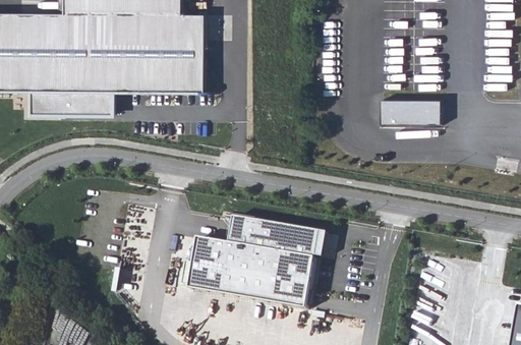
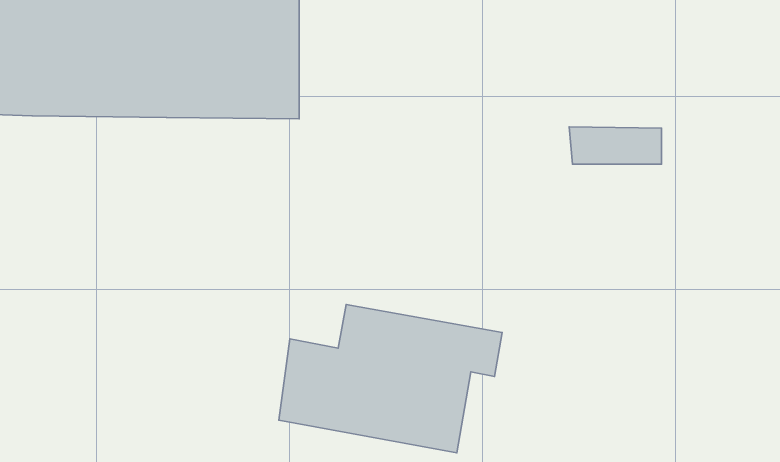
building: [27,91,115,115] -> none

